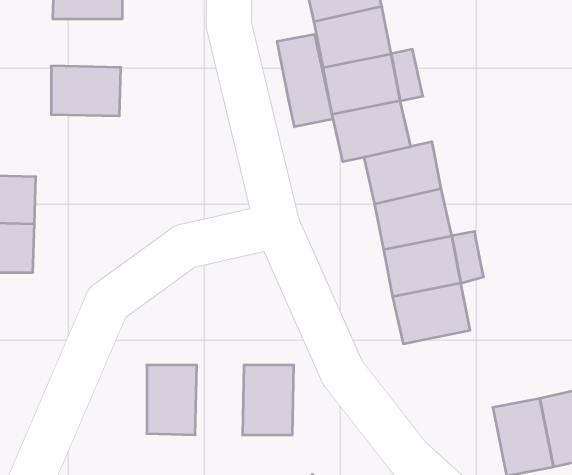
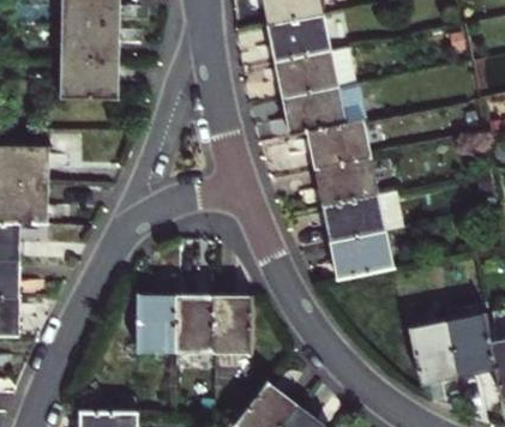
building: none -> [60,23,116,61]
building: [277,34,333,127] -> none
building: none -> [174,296,212,351]

